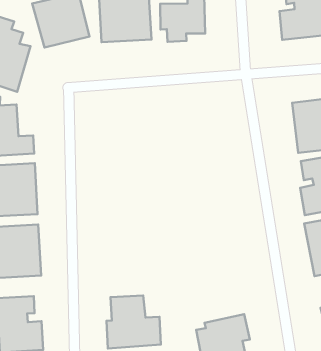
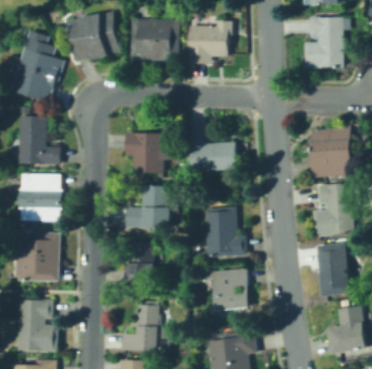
building: none -> [182,128,238,172]
building: none -> [124,133,171,175]
building: none -> [122,186,176,230]
building: none -> [200,205,246,258]
building: none -> [125,244,154,287]
building: none -> [209,267,250,317]

